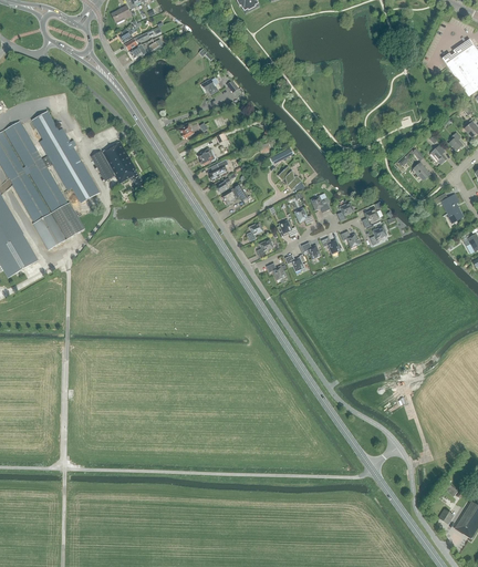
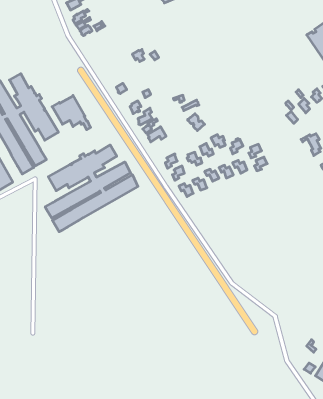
building: none -> [45,145,138,232]

